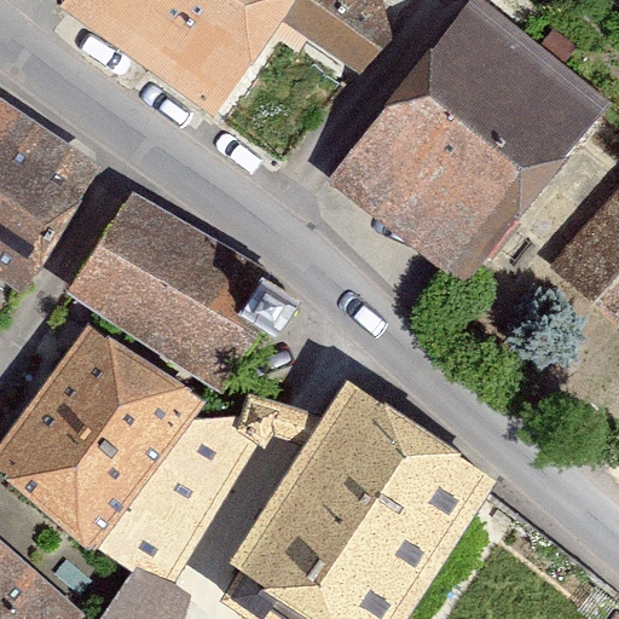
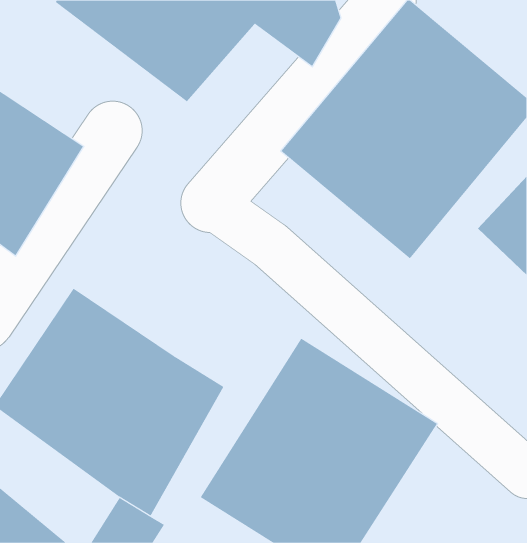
building: [63,186,319,397] -> none

